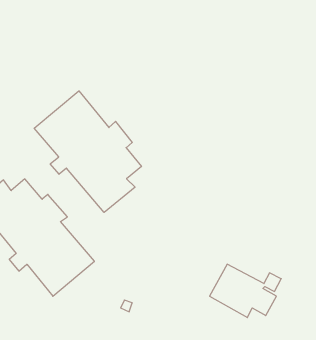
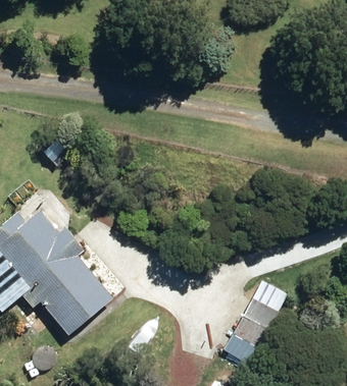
building: [34,91,141,212] -> none

